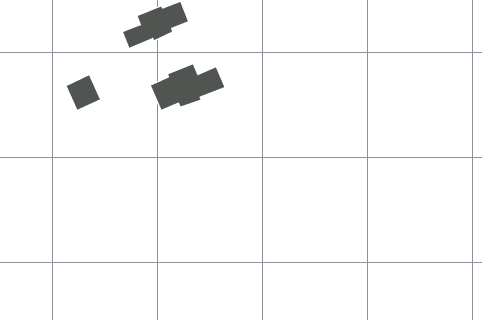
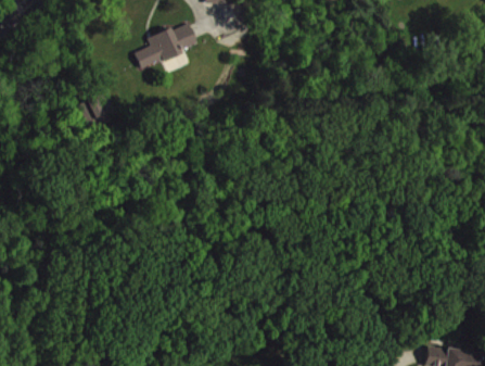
building: [150,63,225,110] -> none

